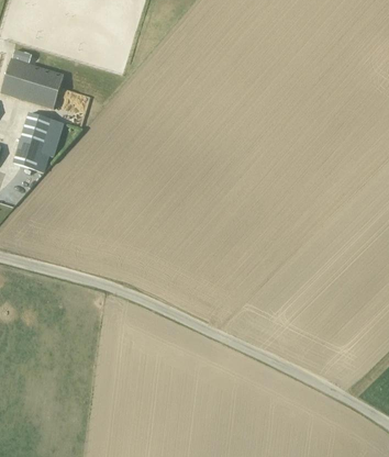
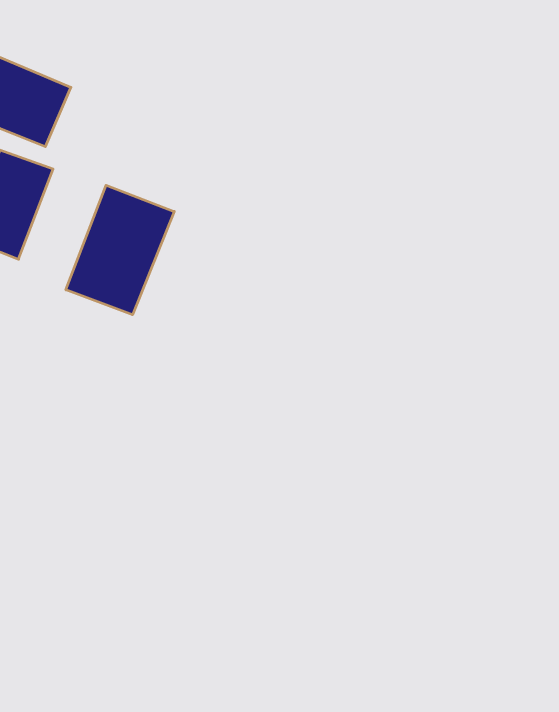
building: none -> [66,185,174,315]

